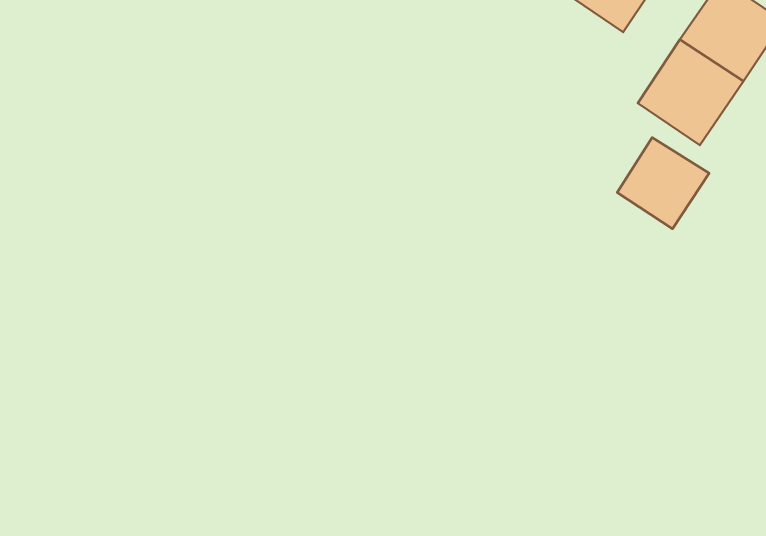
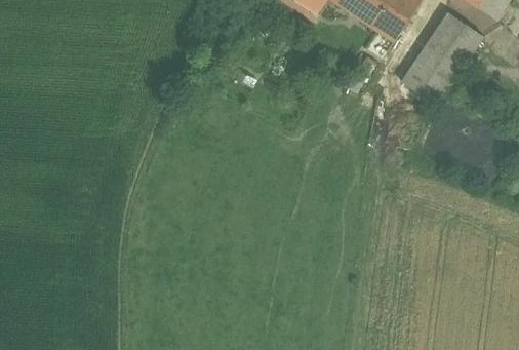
building: [617,137,709,229] -> none

